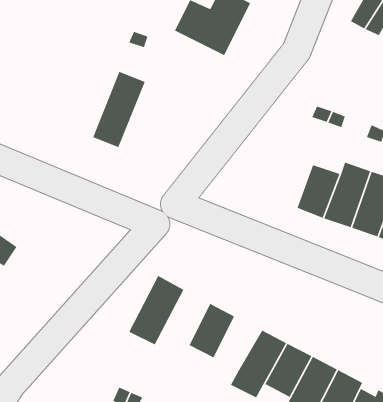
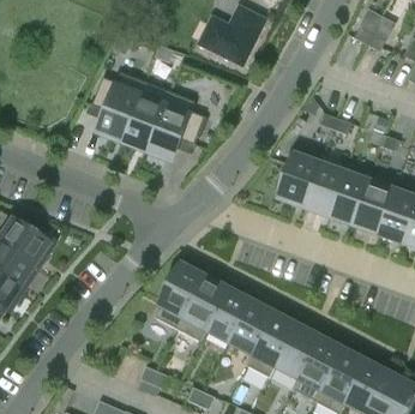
building: none -> [92,72,146,142]
building: none -> [146,91,205,161]
building: none -> [279,145,325,205]
building: none -> [179,278,228,342]
building: none -> [231,302,275,352]

